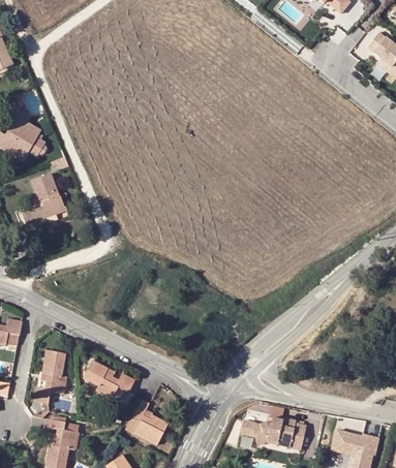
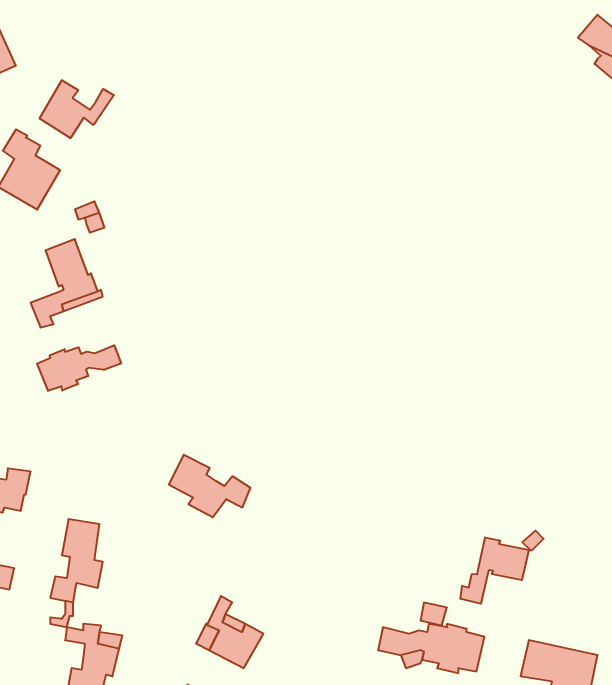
building: none -> [40,80,114,138]
building: none -> [37,345,121,391]
building: [83,360,134,399] -> [169,455,251,517]
building: none -> [461,537,529,604]

